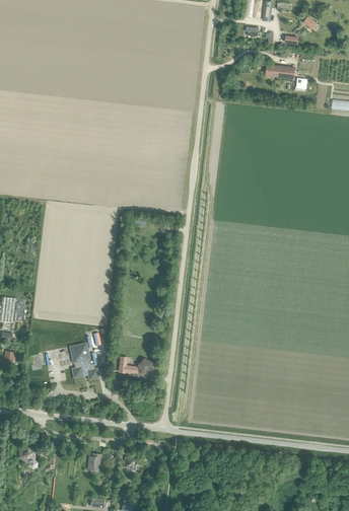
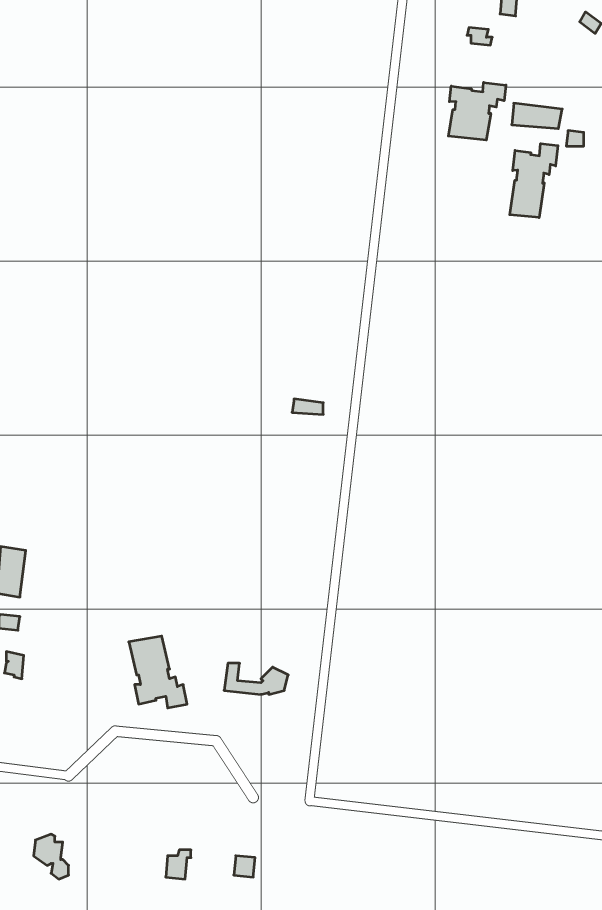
building: none -> [448,82,506,140]
building: none -> [510,144,558,218]

